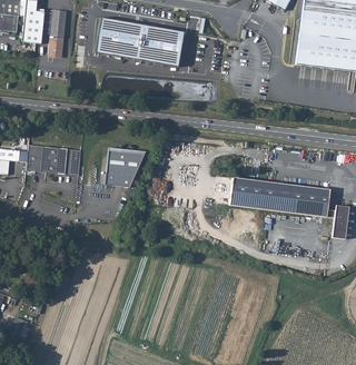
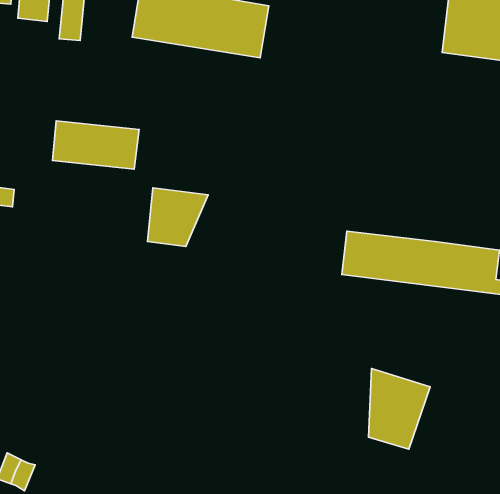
building: [26,144,81,175] -> [53,121,139,169]
building: none -> [368,368,430,449]

